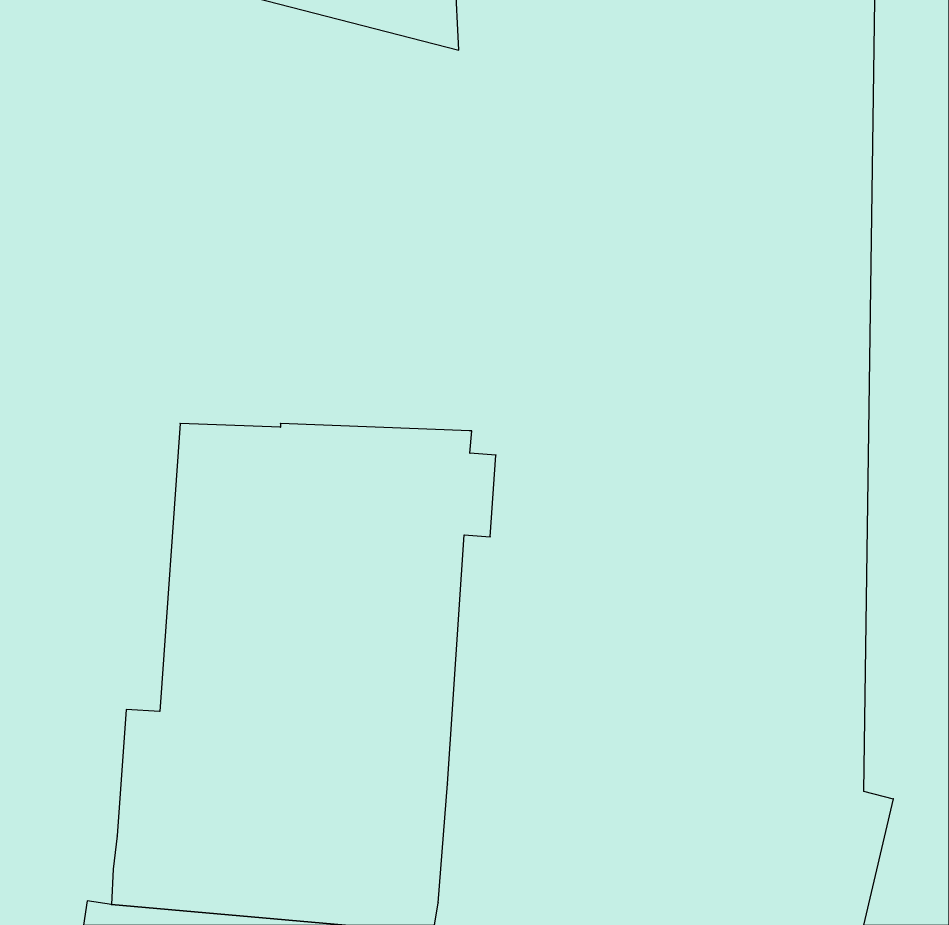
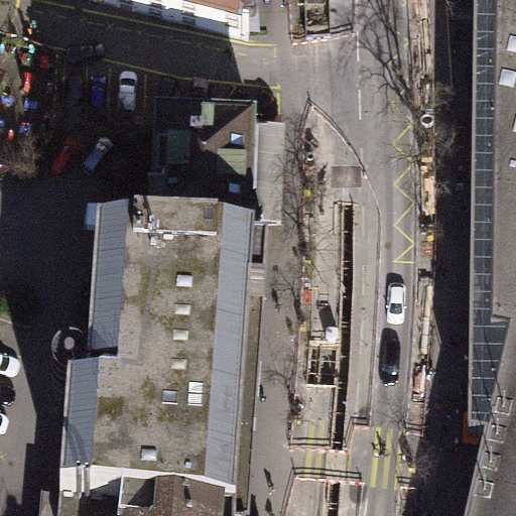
building: none -> [152,114,264,234]

